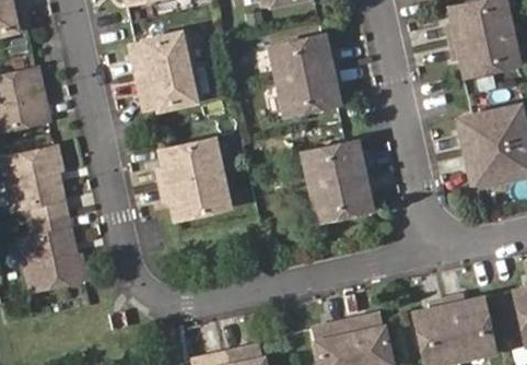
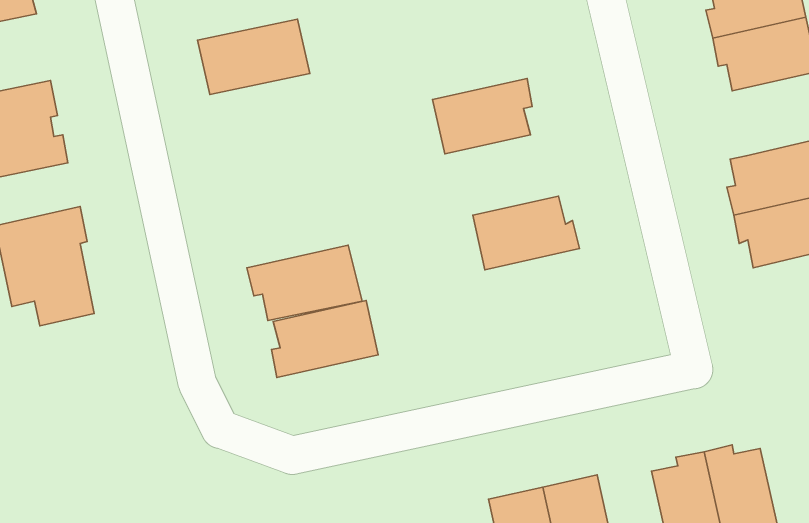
building: [270,35,337,81] -> none
building: [139,64,209,111] -> none
building: [159,138,225,186] -> [271,300,378,378]
building: [311,174,373,221] -> none
building: [22,214,86,291] -> none

